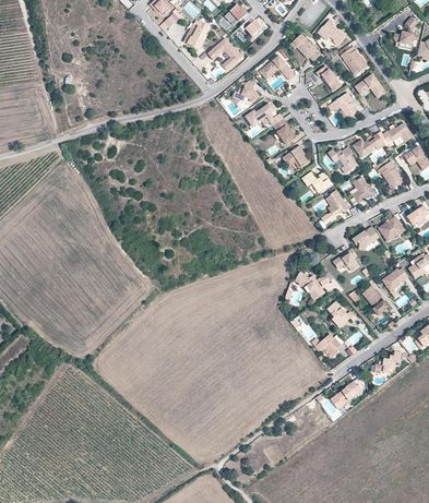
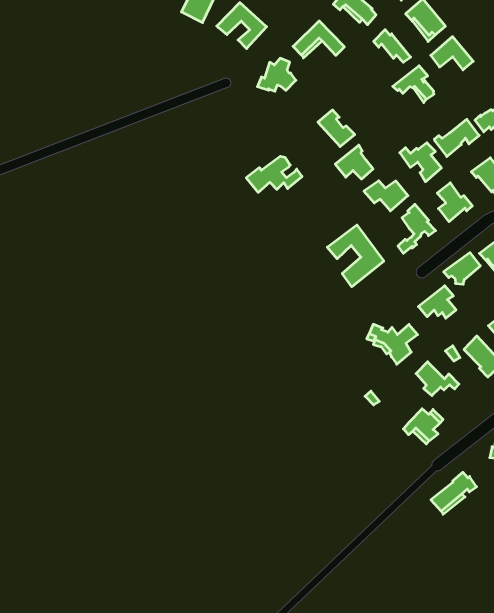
building: [245,104,284,128] -> [246,156,302,192]
building: none -> [327,225,384,287]

